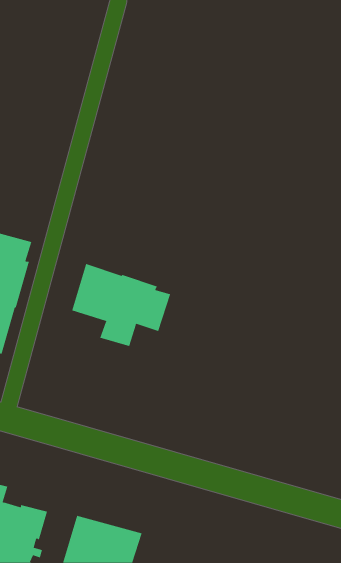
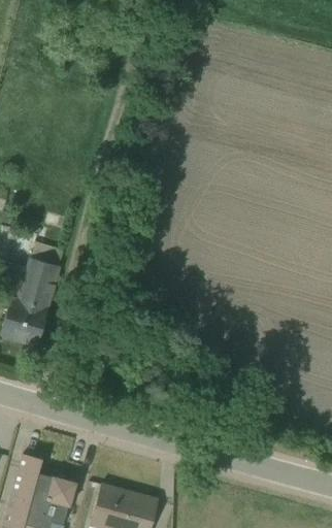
building: [71,263,171,347] -> none

